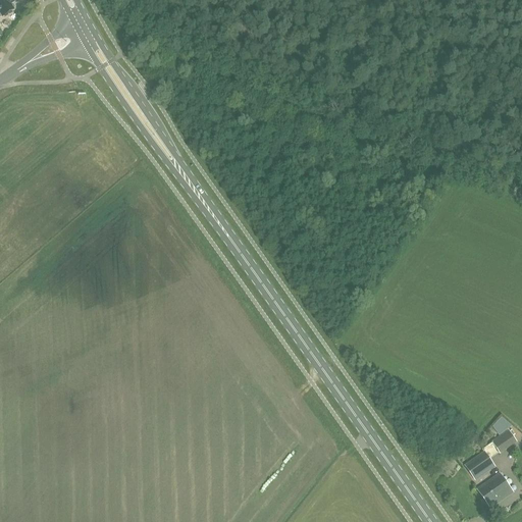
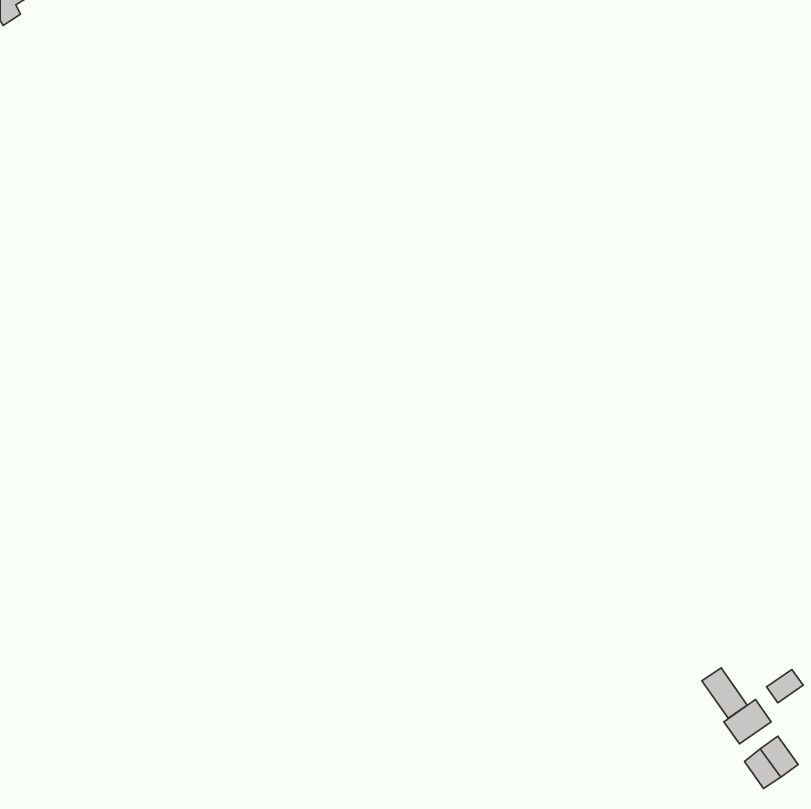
building: none -> [702,668,747,718]

